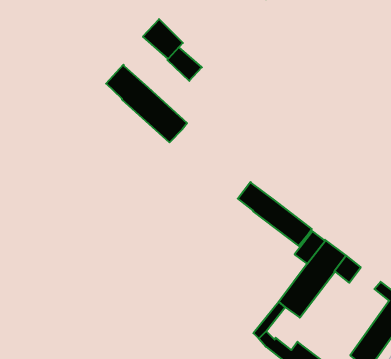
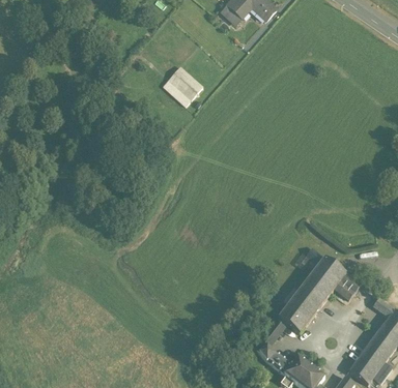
building: [143,19,183,59] -> none
building: [106,65,187,142] -> none
building: [238,182,312,246] -> none

